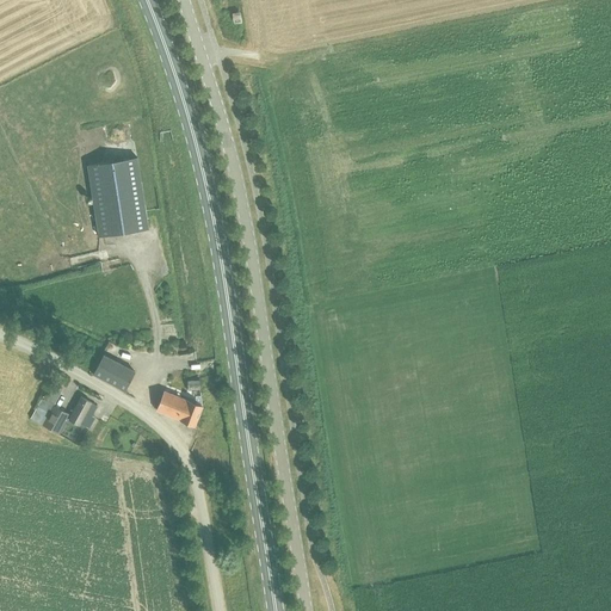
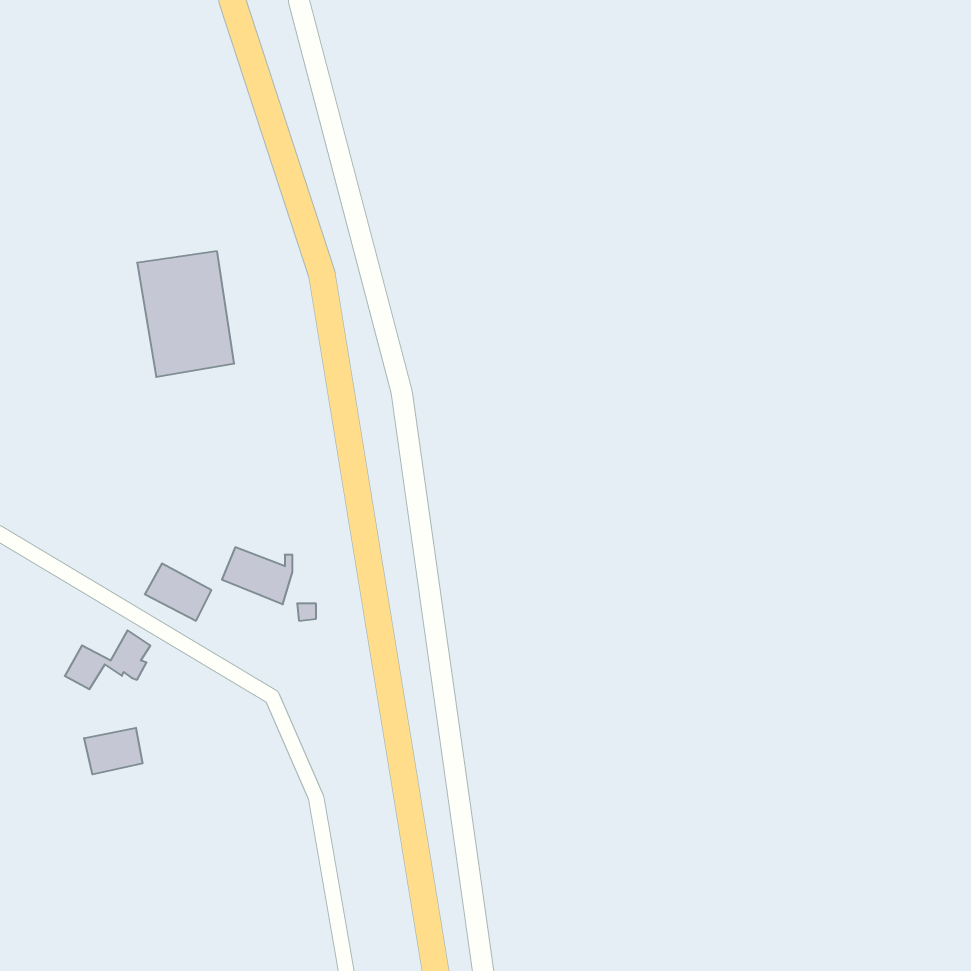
building: [155,391,199,427] -> [222,547,292,604]
building: none -> [84,728,143,774]

